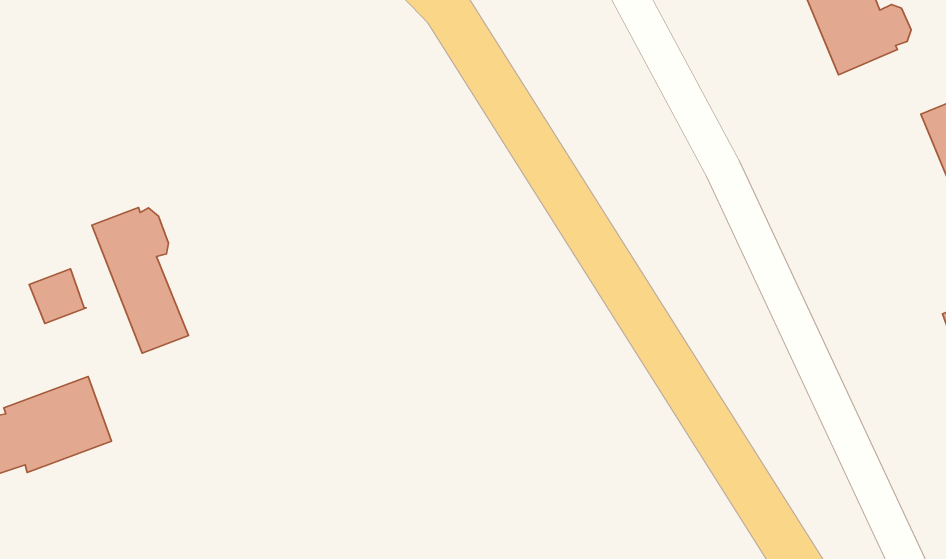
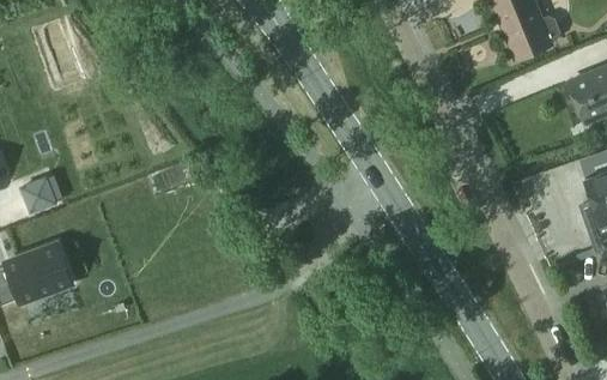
building: [92,207,189,353] -> none

